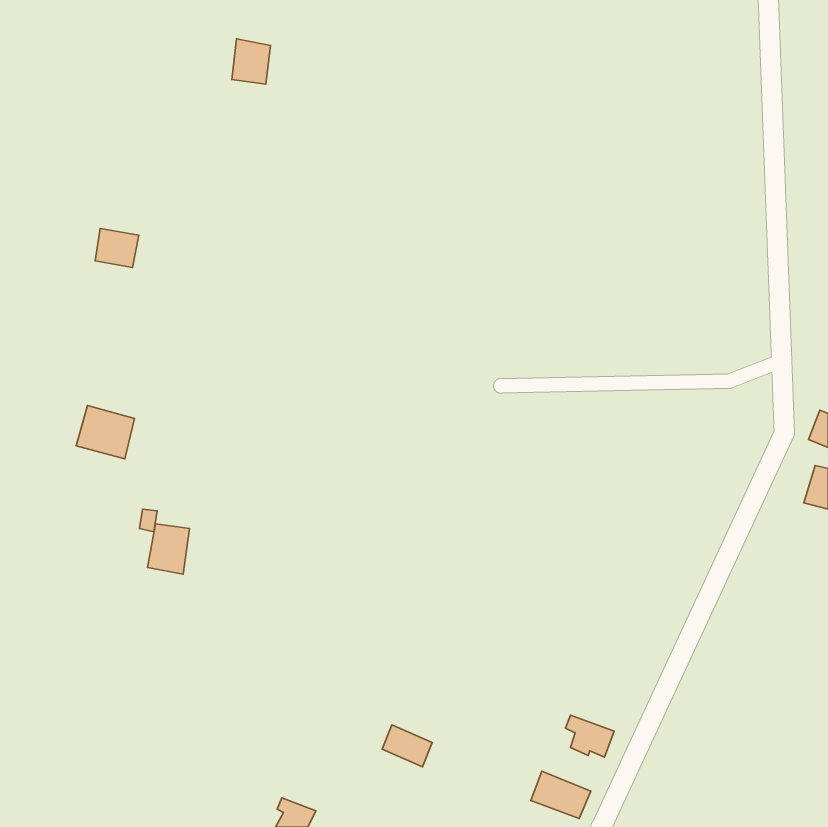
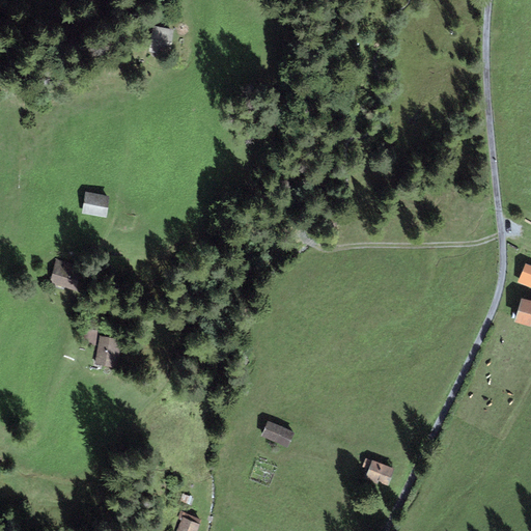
building: [95,229,139,267] -> [82,192,110,217]
building: [382,725,432,767] -> [261,420,294,447]
building: [531,771,591,818] -> none

